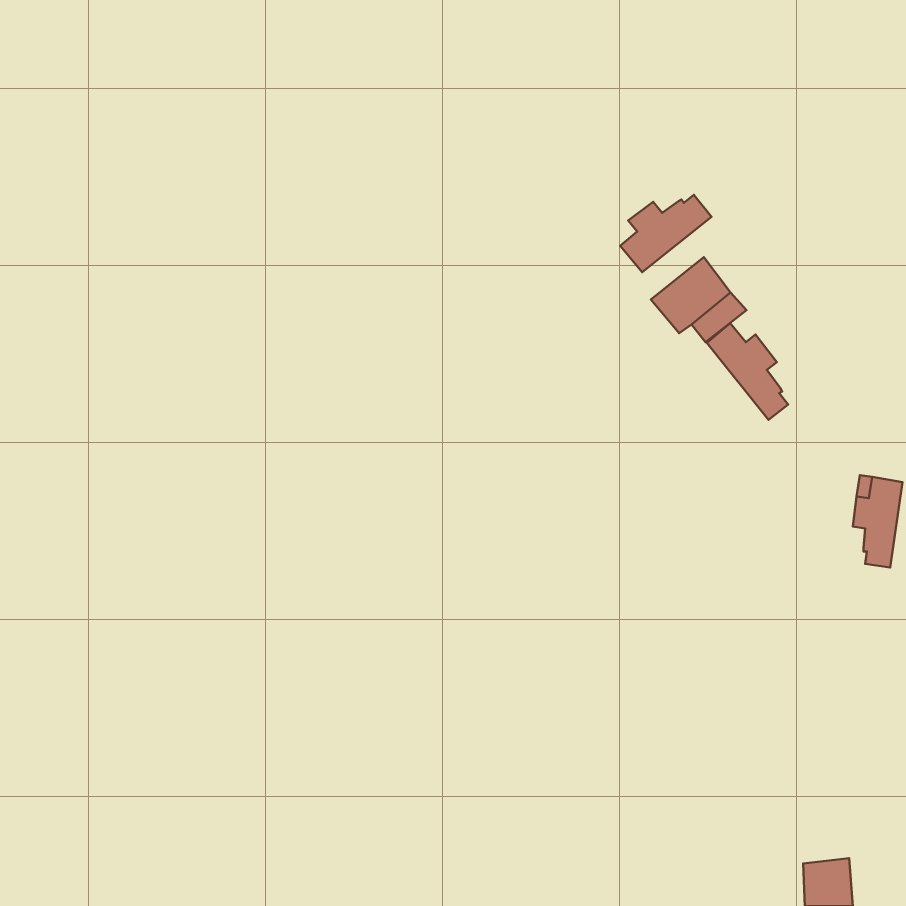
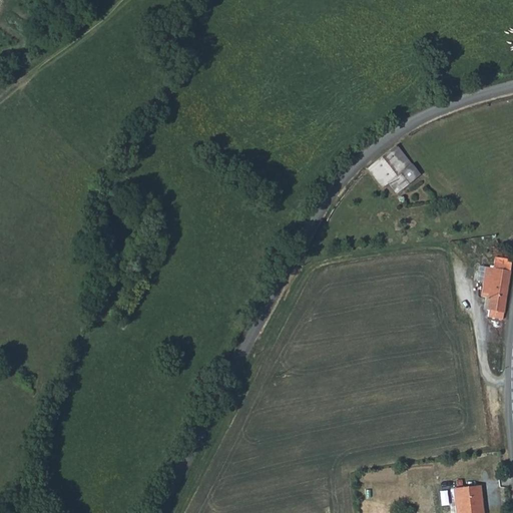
building: [620,195,711,272] -> none
building: [707,323,788,420] -> none

